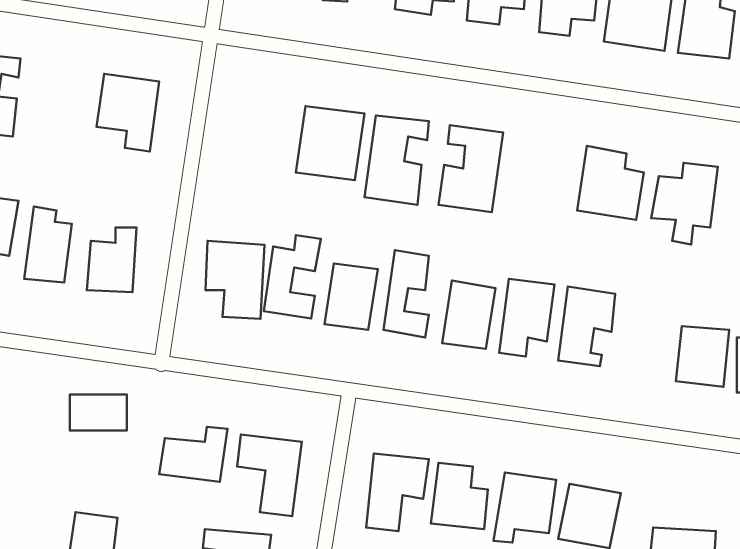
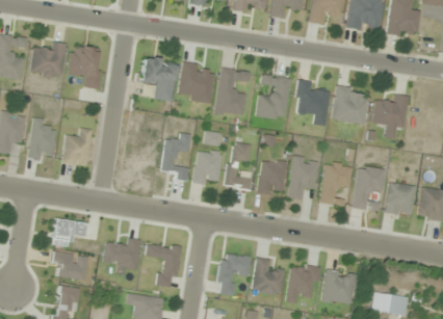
building: none -> [31,42,67,76]
building: none -> [294,79,331,125]
building: [206,241,264,319] -> [142,57,175,100]
building: none -> [354,165,385,211]
building: none -> [51,250,88,280]

